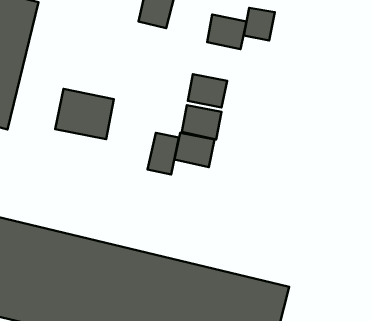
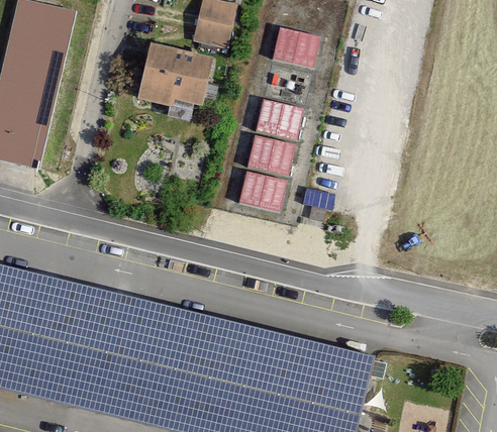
building: [244,8,275,41] -> none
building: [55,89,114,139] -> [138,46,209,107]
building: [147,133,179,174] -> none

